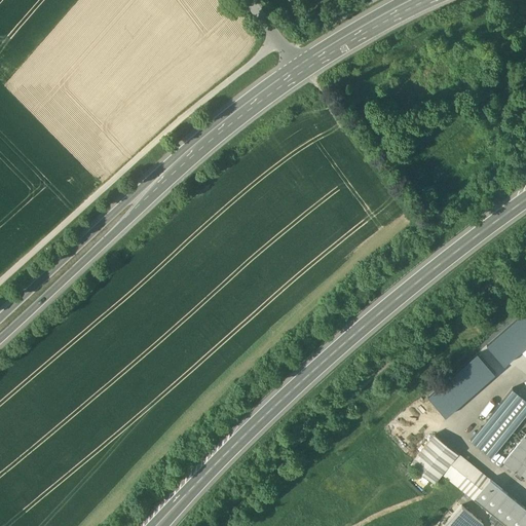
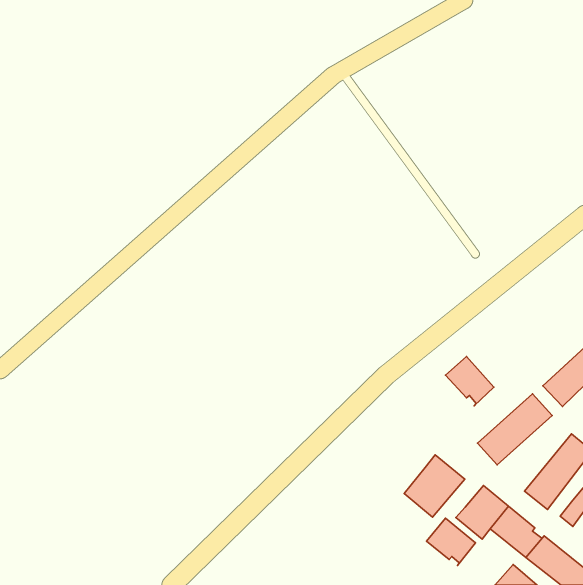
building: none -> [446,357,494,406]
building: none -> [404,455,465,517]
building: none -> [426,518,476,566]

